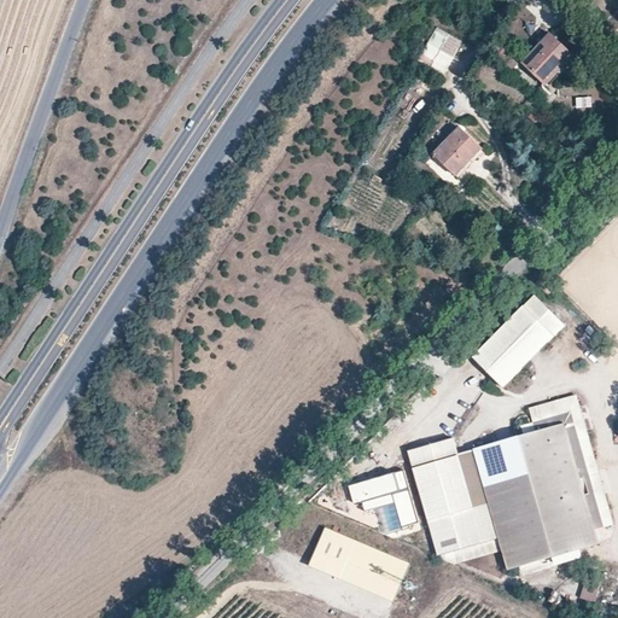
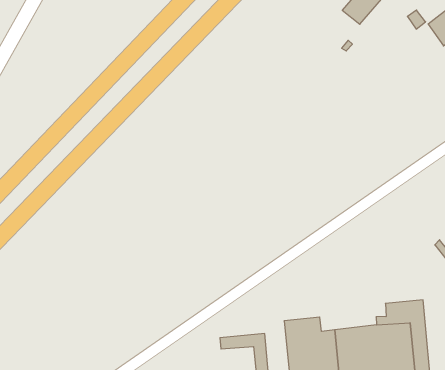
building: [432,128,479,176] -> none
building: [470,295,564,387] -> none

